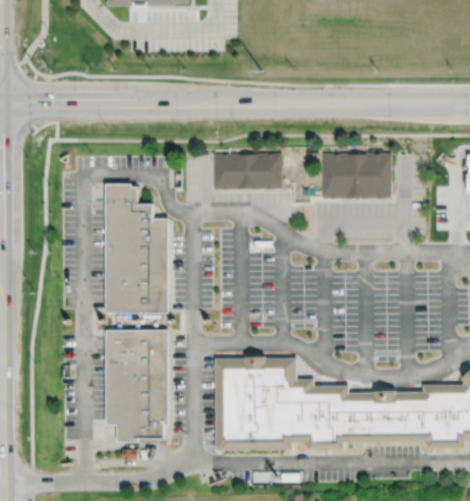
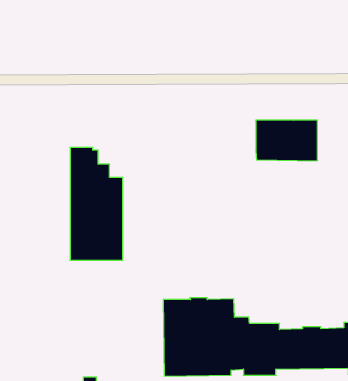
building: [212,151,280,187] -> none
building: [106,329,167,442] -> none

